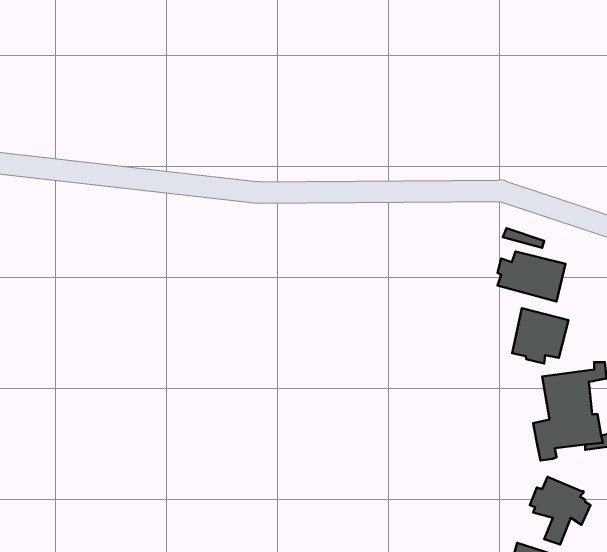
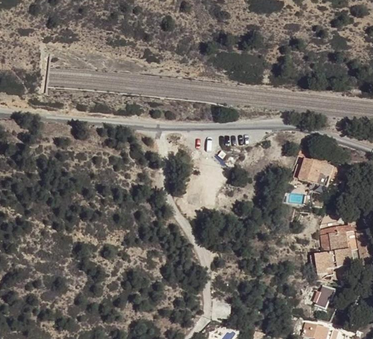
building: [512,308,568,364] -> none

